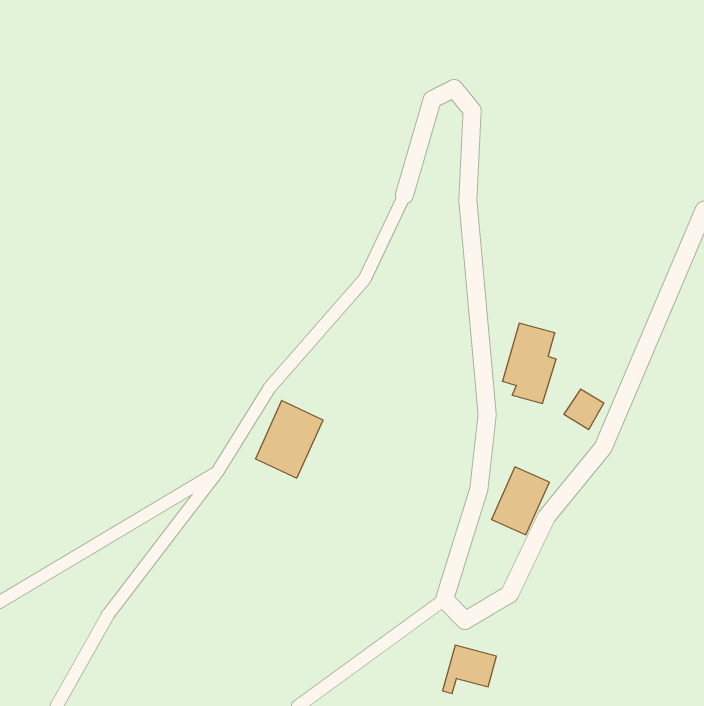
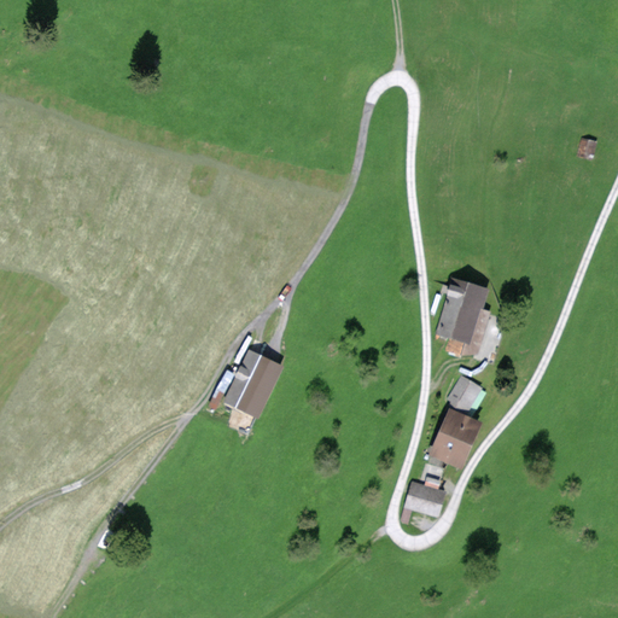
building: [564,389,604,429] -> [445,375,480,410]
building: [443,645,496,694] -> [398,482,445,524]

